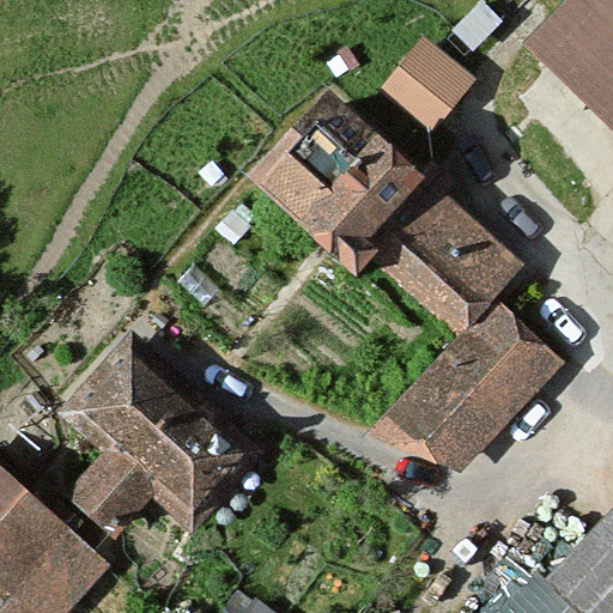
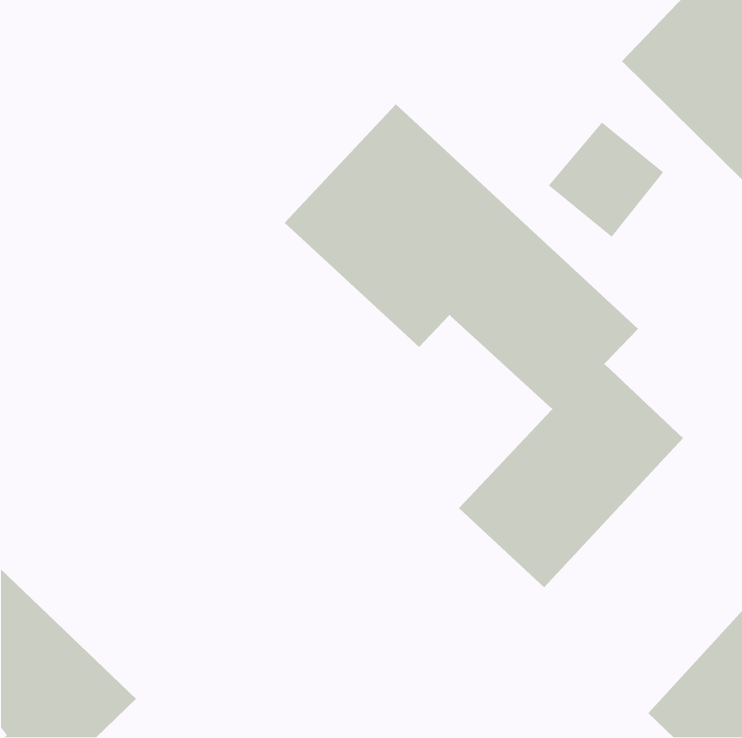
building: [386,20,481,116] -> [548,121,664,238]
building: [62,342,261,540] -> none

